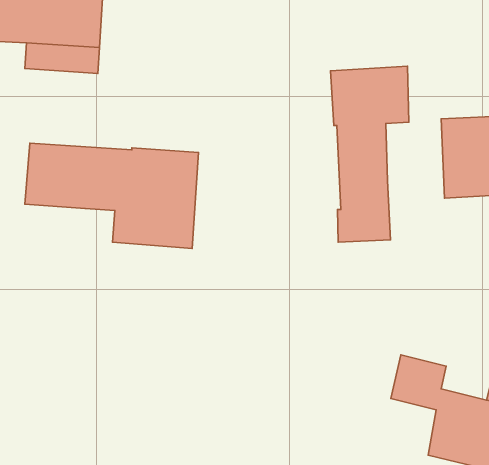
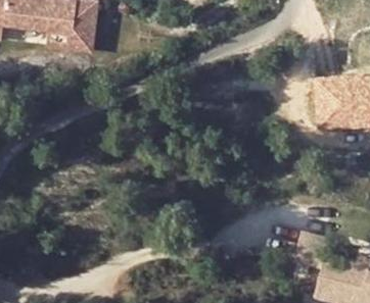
building: [331,66,409,242] -> none
building: [25,143,198,248] -> none

